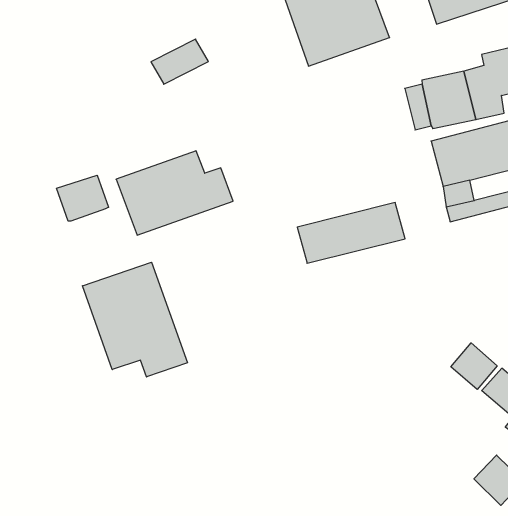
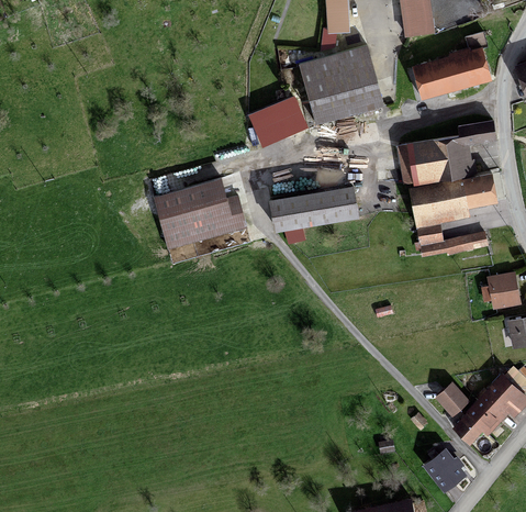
building: [151,39,208,84] -> [259,107,305,141]
building: [56,175,109,221] -> none
building: [297,203,405,263] -> [272,188,358,231]
building: [82,262,188,377] -> none
building: [451,343,497,389] -> none

